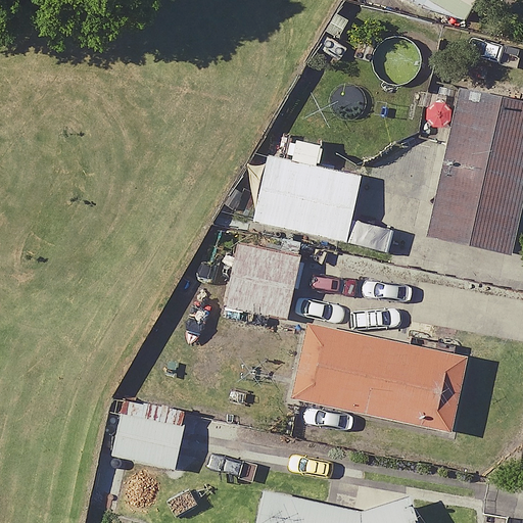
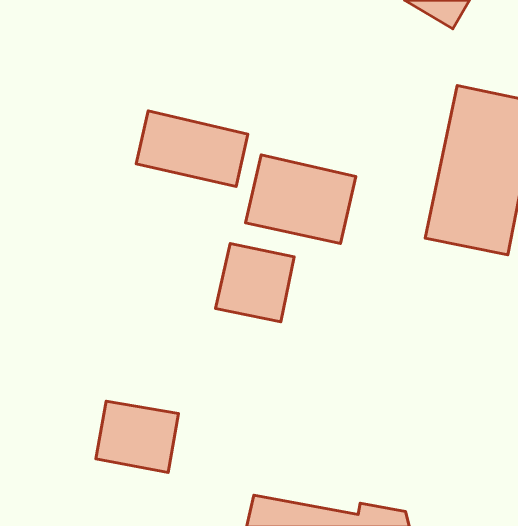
building: none -> [136,111,248,186]
building: [290,325,466,431] -> none

